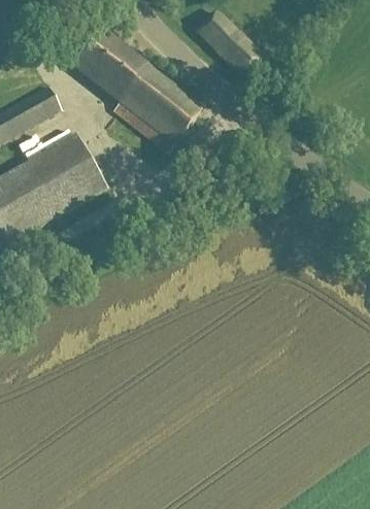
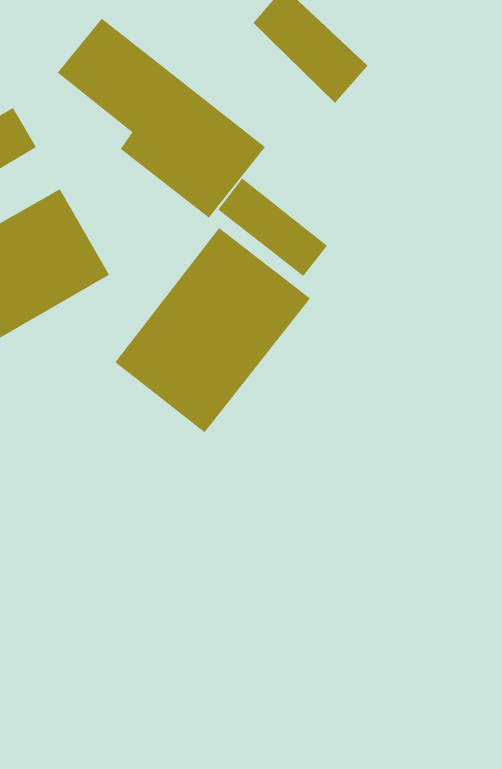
building: none -> [217,177,328,277]
building: none -> [115,227,311,433]

